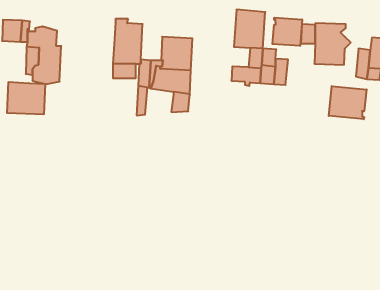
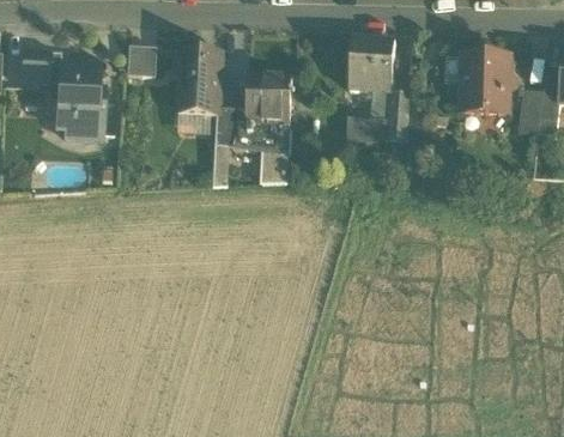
building: none -> [126,44,157,77]
building: [272,18,302,46] -> none
building: [7,82,45,114] -> none
building: [329,86,367,119] -> none

